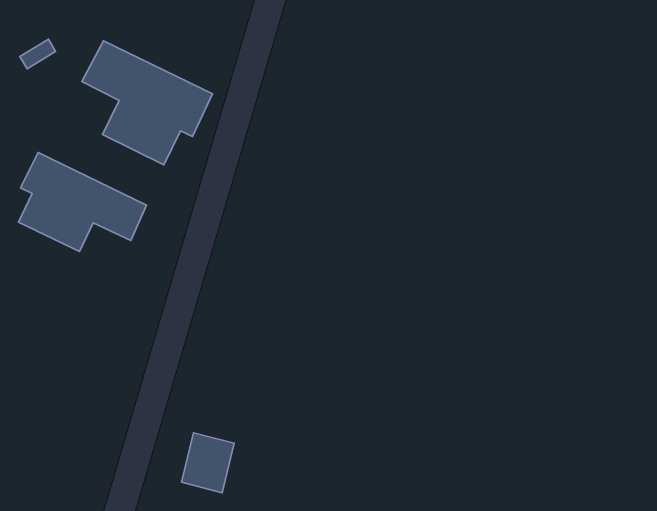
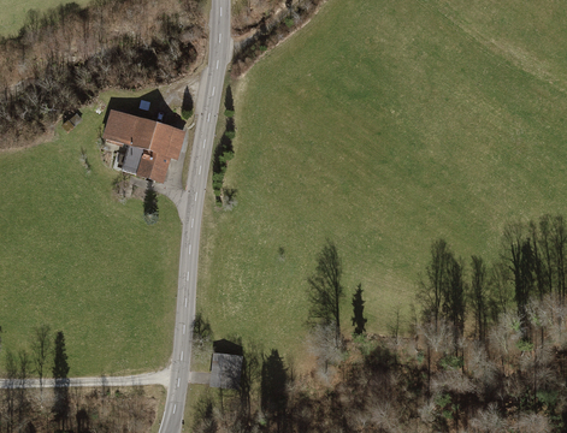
building: [18,153,146,251] -> none

